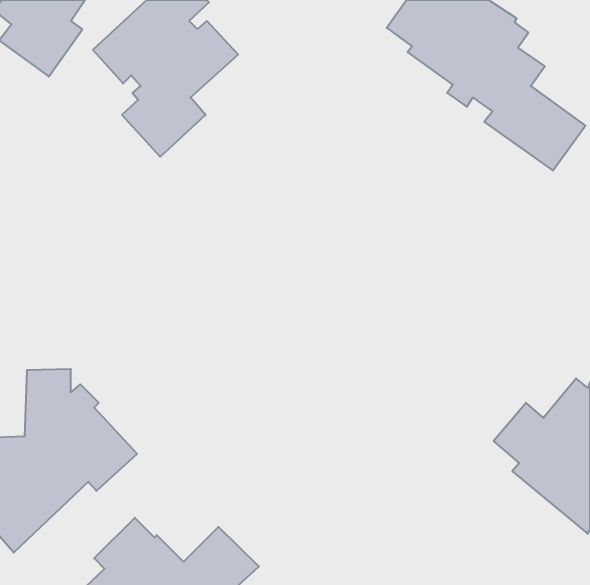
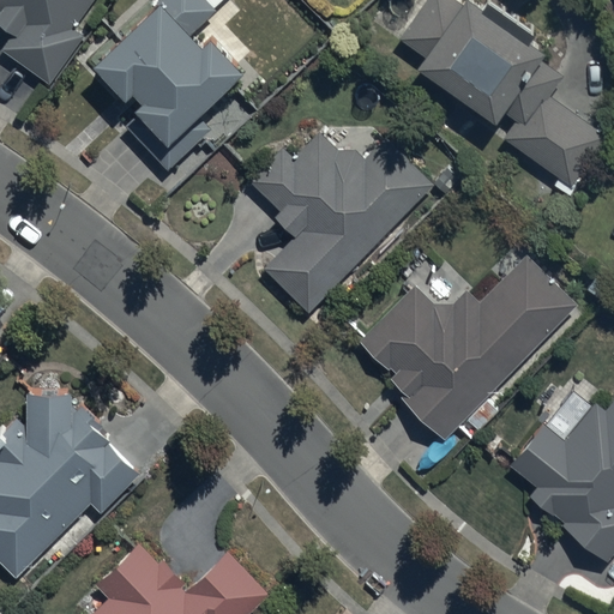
building: none -> [251,134,433,313]
building: none -> [356,258,576,440]

